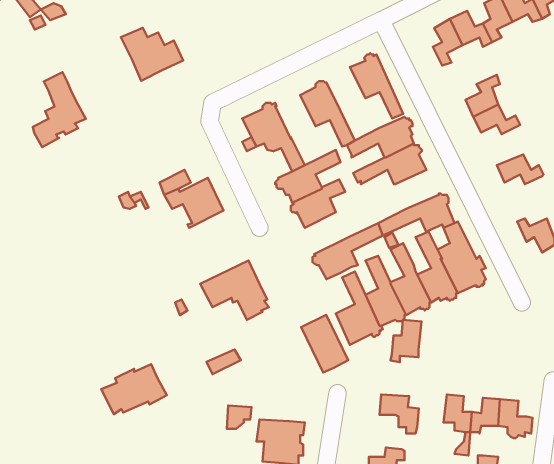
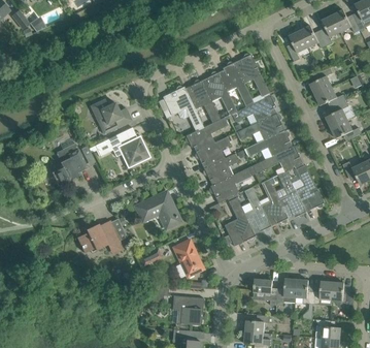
building: [121,28,183,81] -> [91,99,132,134]
building: none -> [218,61,254,106]
building: [33,72,86,147] -> [53,136,88,186]
building: none -> [184,80,221,123]
building: none -> [326,100,357,127]
building: none -> [245,130,293,156]
building: none -> [203,153,239,185]
building: [301,315,348,373] -> [173,239,204,277]
building: [390,320,422,362] -> [277,278,298,306]
building: [101,364,167,414] -> [77,220,121,253]

